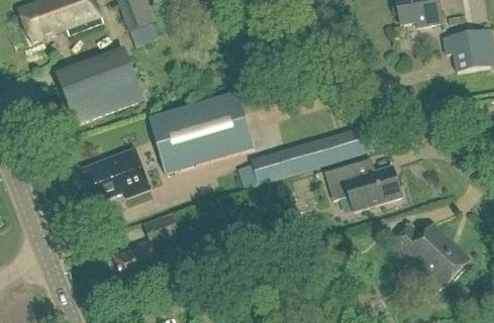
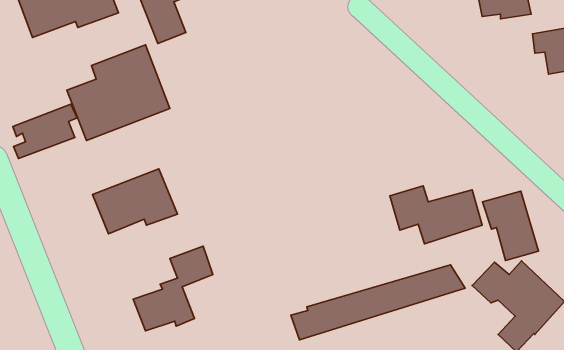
building: [150,91,254,173] -> none
building: none -> [13,104,77,159]
building: [236,126,380,188] -> [291,265,465,340]
building: none -> [483,191,539,260]

